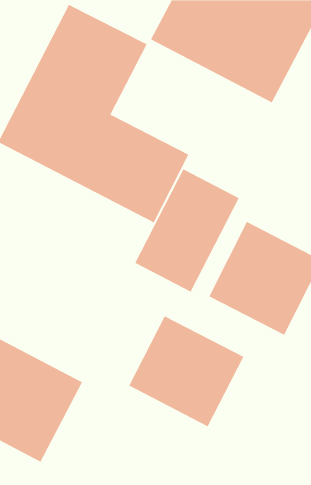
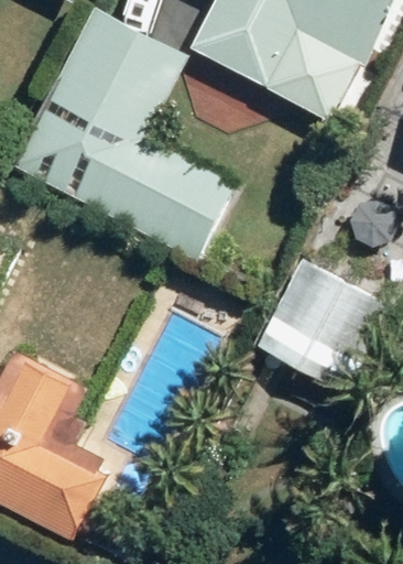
building: [135,168,239,293] -> none
building: [128,315,244,427] -> none

